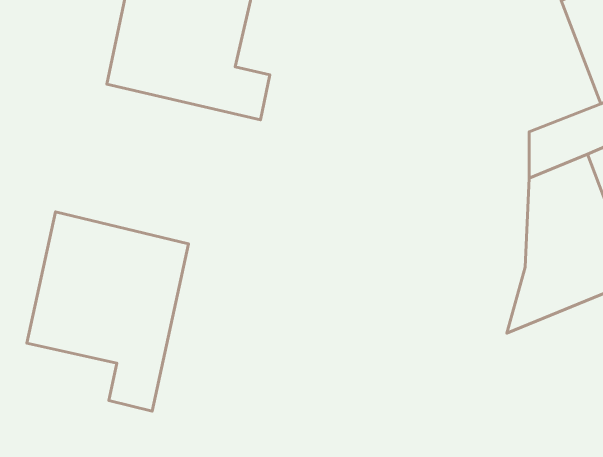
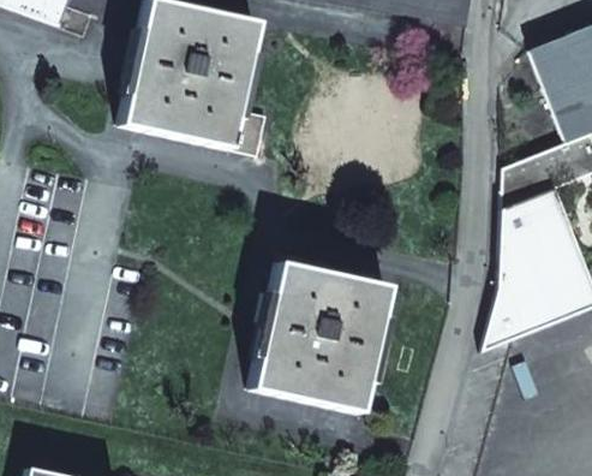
building: [27,212,189,411] -> none
building: none -> [249,261,385,410]

